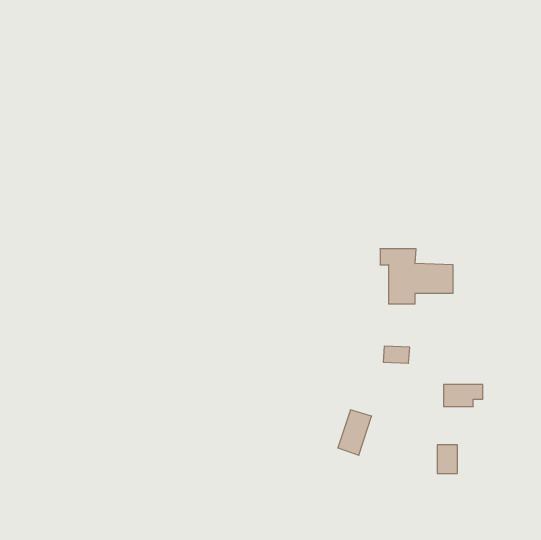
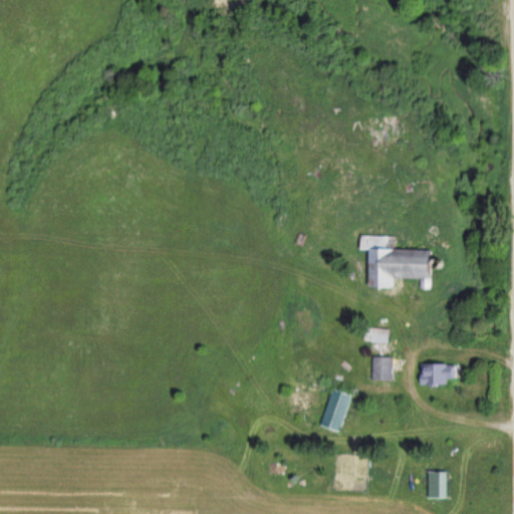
building: none -> [372,357,394,380]
building: [437,445,457,473] -> [428,472,447,499]

